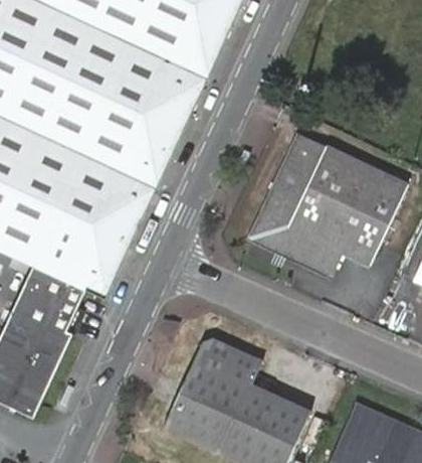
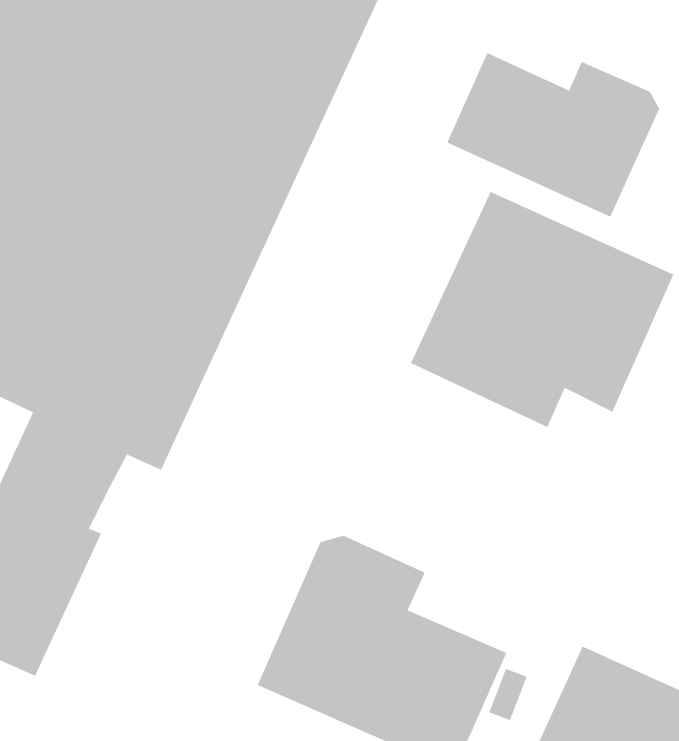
building: none -> [446,52,660,217]

